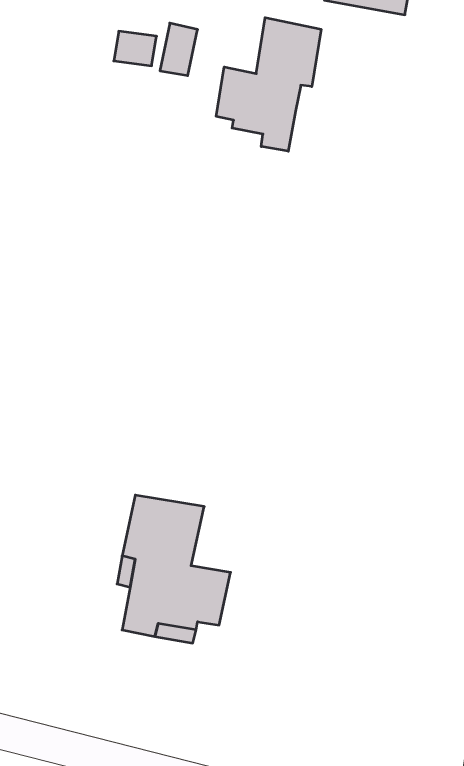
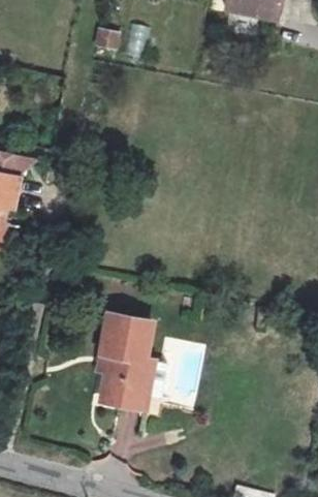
building: [216,18,321,151] -> none

